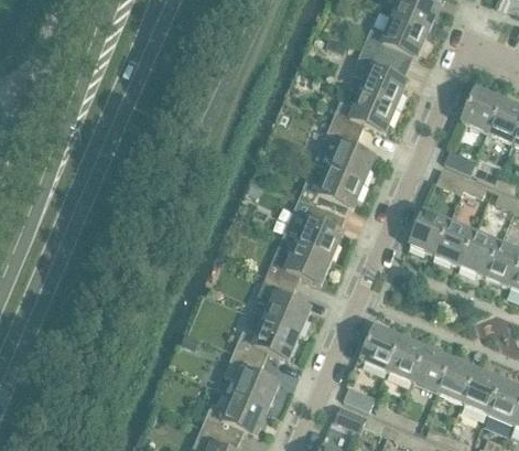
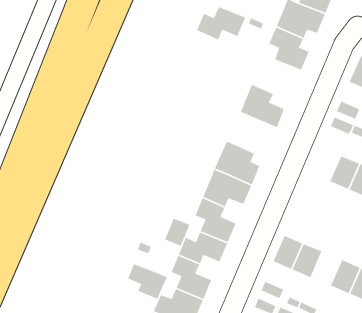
building: [332,92,398,137] -> [196,6,246,40]
building: [299,167,366,215] -> none
building: [409,207,450,253] -> none
building: none -> [164,217,190,247]
building: [410,344,451,390] -> none
building: none -> [127,263,168,300]

